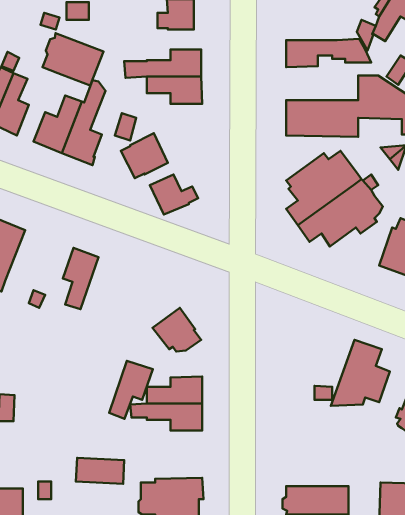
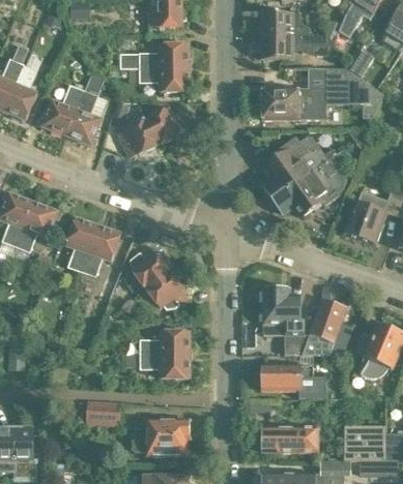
building: none -> [262,11,307,35]
building: [42,33,103,86] -> none
building: [150,175,198,215] -> [146,108,189,143]
building: none -> [16,202,59,252]
building: none -> [129,245,169,288]
building: none -> [262,288,303,336]
building: [109,361,153,419] -> [82,225,120,276]
building: none -> [261,364,327,398]

